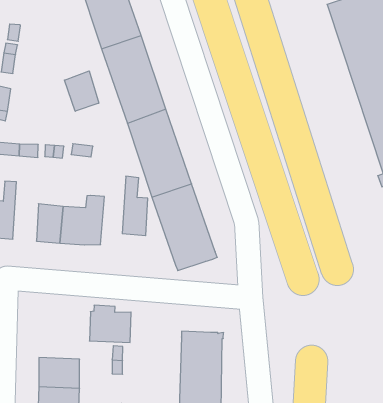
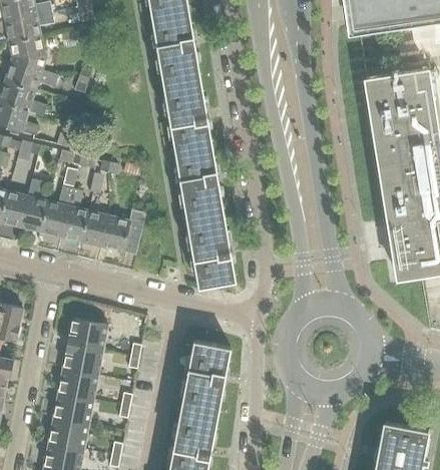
building: [64,71,99,111] -> none
building: [122,176,148,236] -> [60,188,87,243]
building: [89,305,131,342] -> [66,314,106,351]

